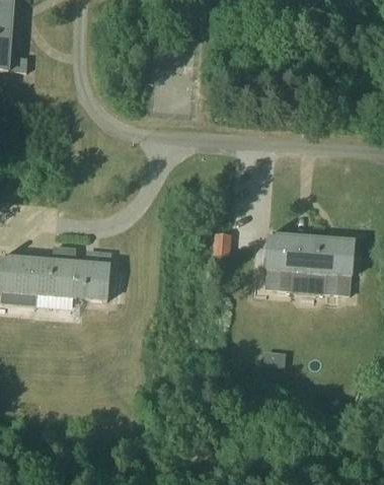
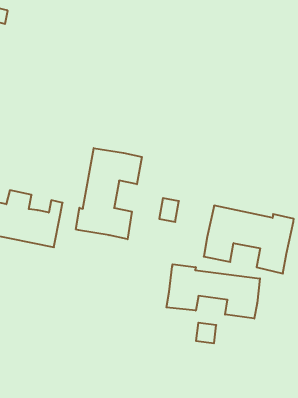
building: none -> [76,148,142,239]
building: none -> [166,264,260,319]

